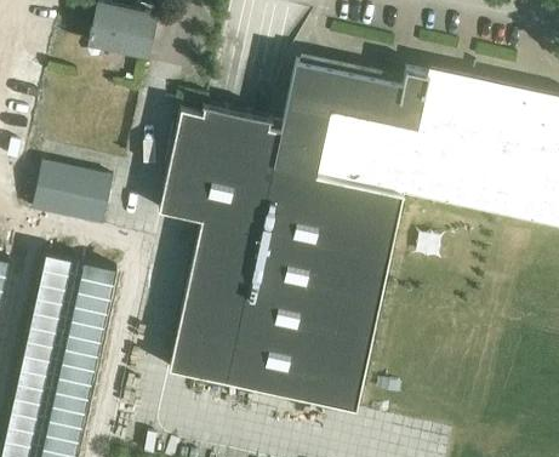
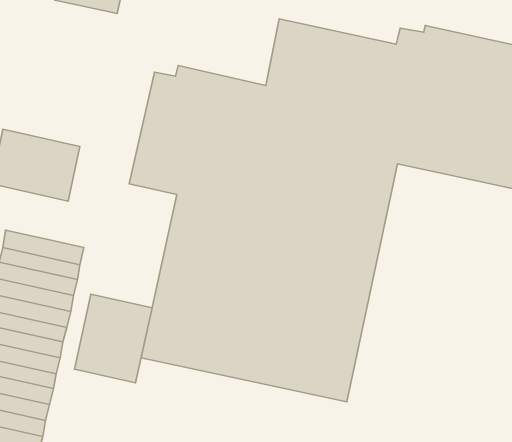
building: none -> [75,294,152,383]

